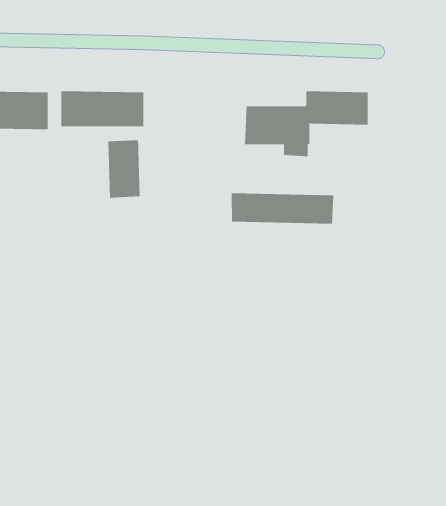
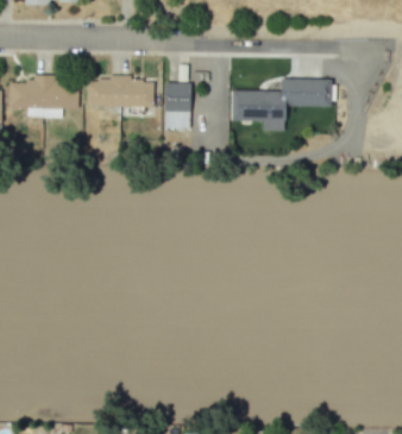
building: [108,140,140,198] -> [164,83,190,130]
building: [231,193,334,225] -> none

